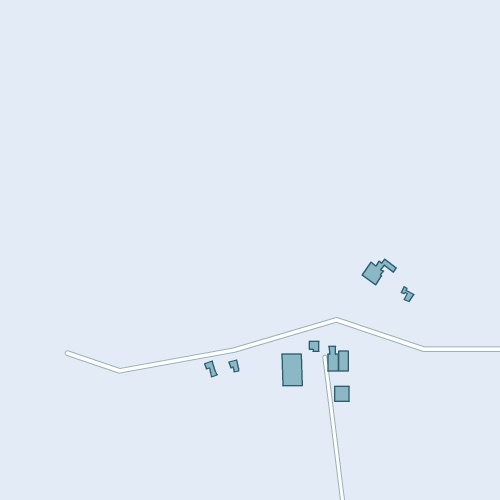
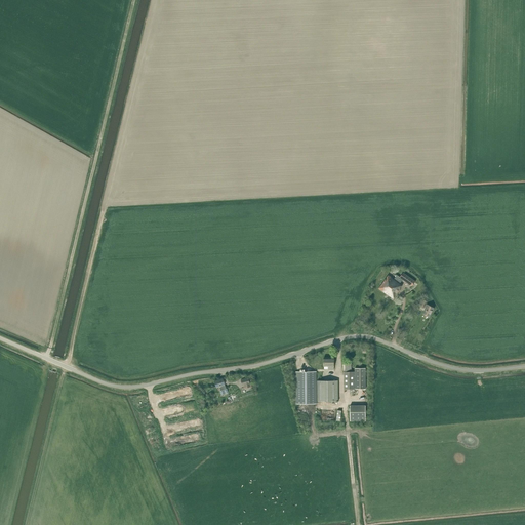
building: none -> [317,380,338,401]

